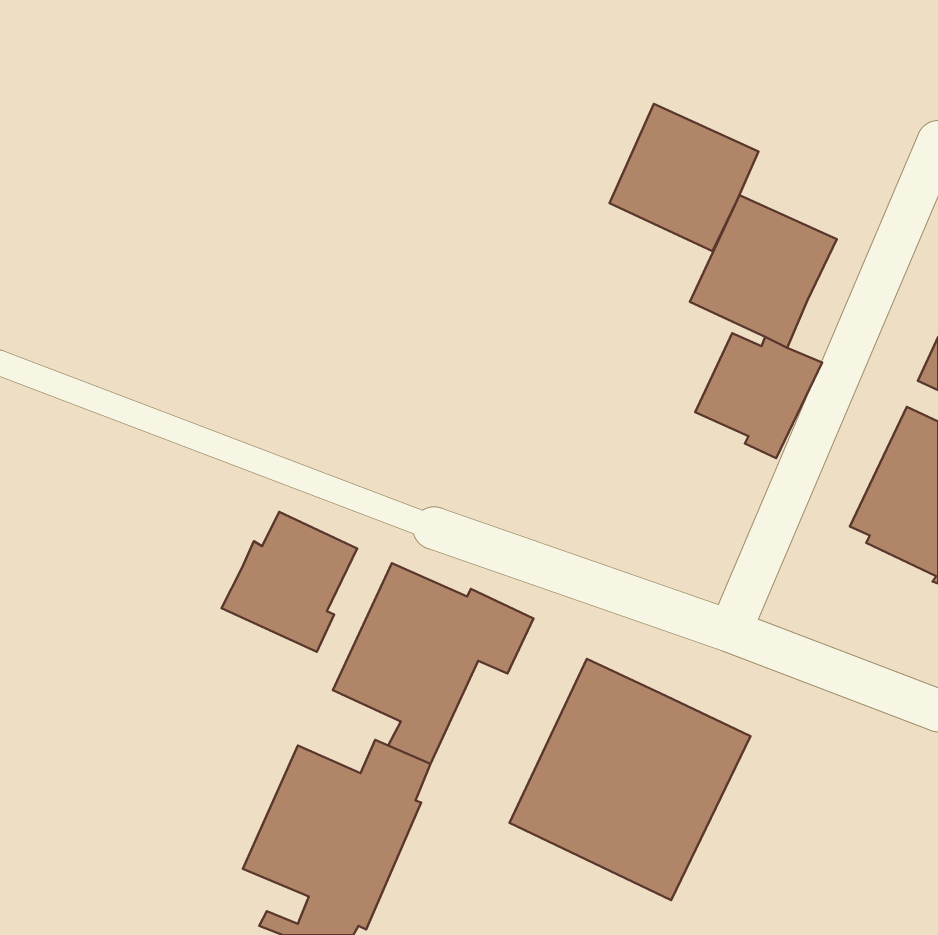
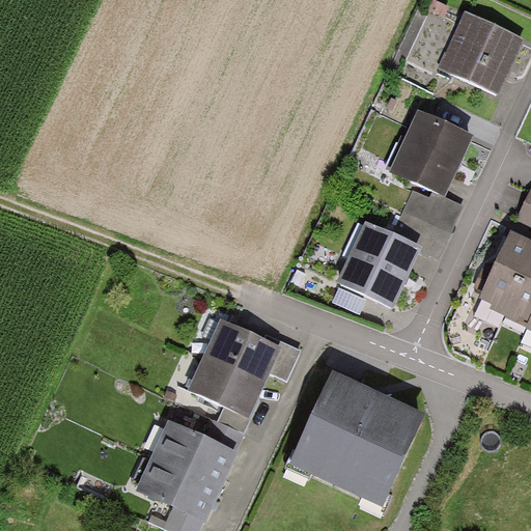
building: [610,104,759,251] -> [440,10,524,93]
building: none -> [335,220,422,308]
building: [221,512,357,652] -> none

